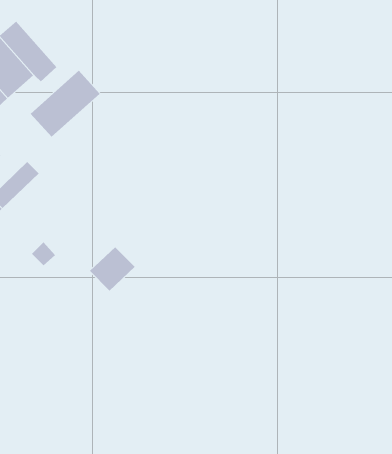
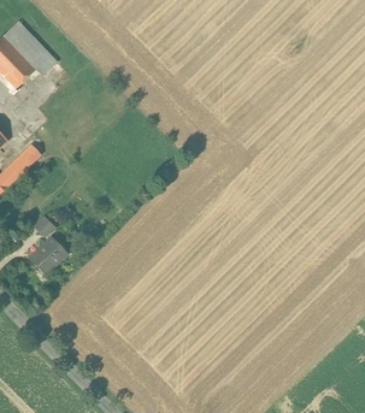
building: [30,70,100,138] -> none
building: [89,246,136,291] -> [28,235,69,275]

